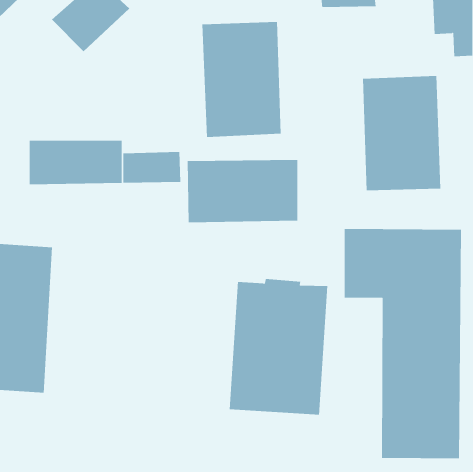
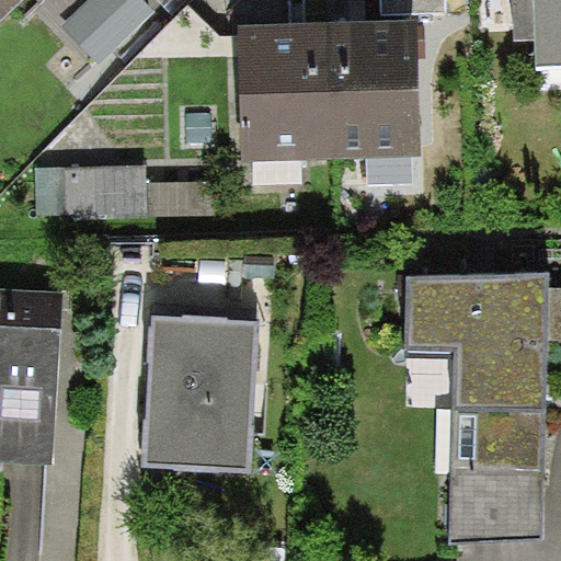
building: [362,76,441,191] -> [328,22,421,158]
building: [187,159,298,223] -> none
building: [229,279,328,415] -> [140,313,257,474]

